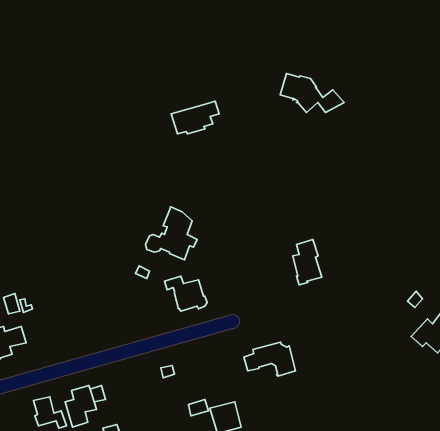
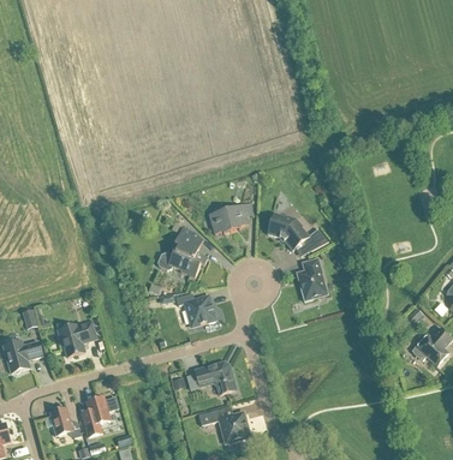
building: [280,73,344,112] -> [267,213,328,250]
building: [171,101,219,134] -> [208,202,254,233]
building: none -> [58,321,96,356]
building: [244,342,295,376] -> [186,362,236,394]

